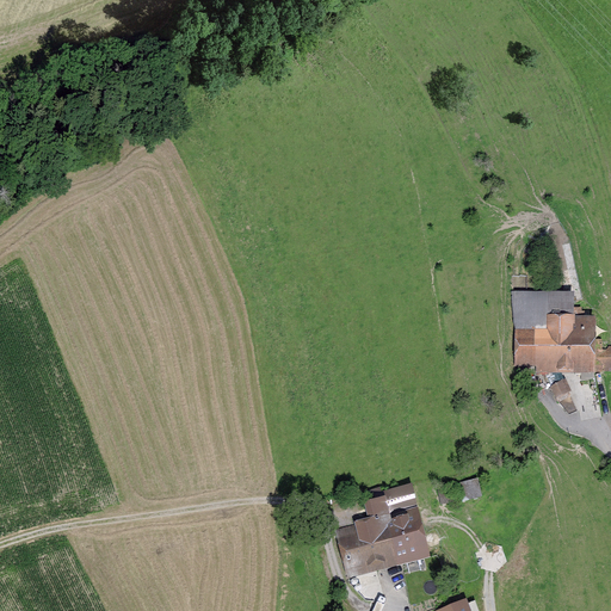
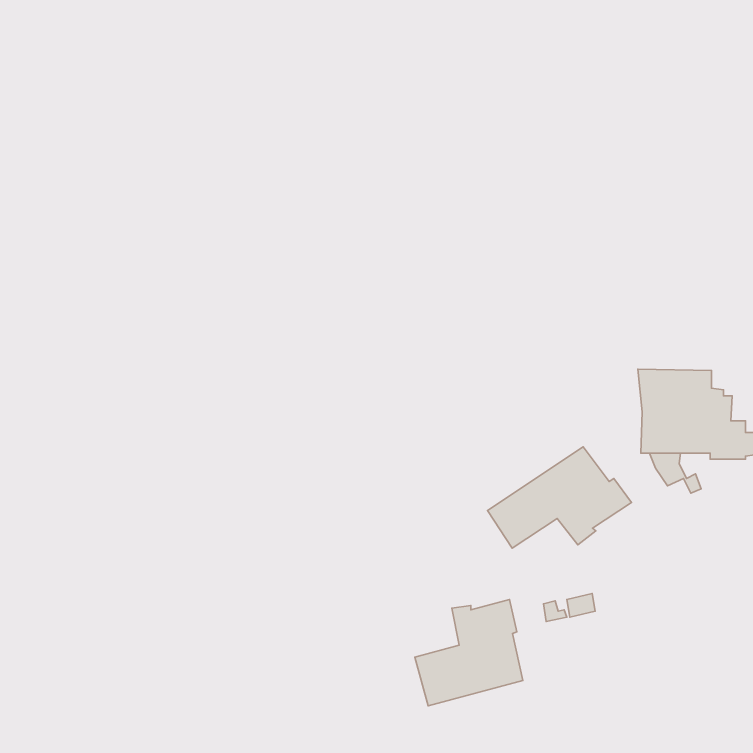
building: none -> [488,447,631,548]

